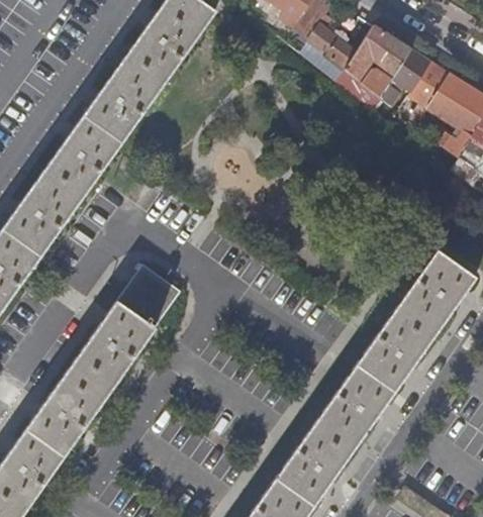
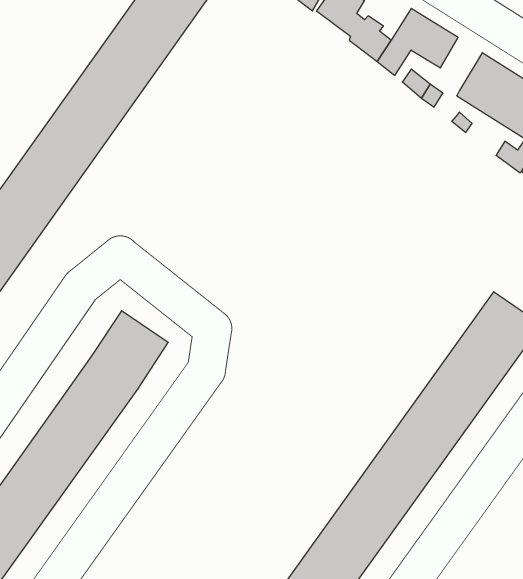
building: [391,49,428,92] -> none

